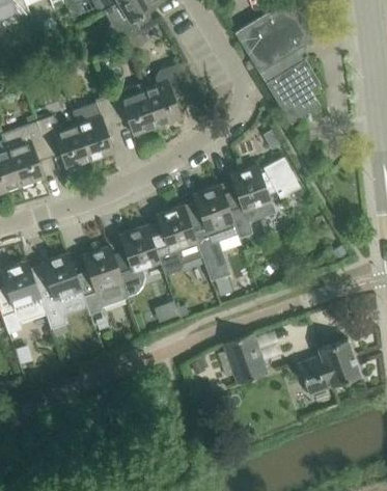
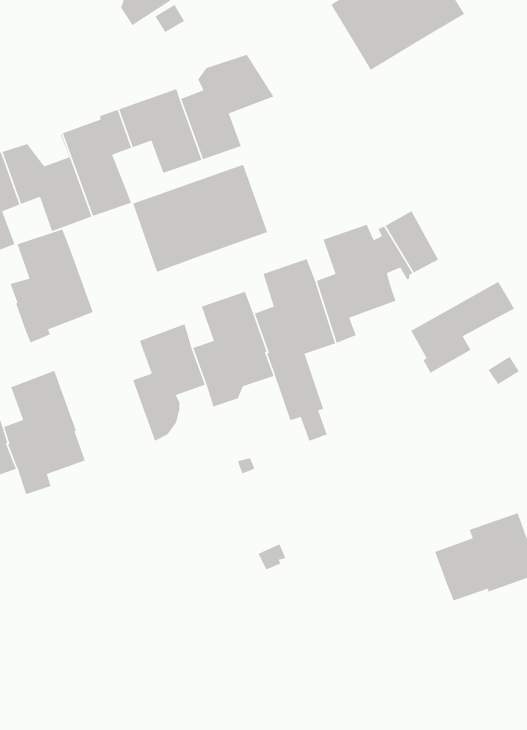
building: [258,52,320,124] -> none
building: none -> [132,164,268,273]
building: none -> [410,281,515,374]
building: [77,246,128,316] -> [10,229,94,344]
building: [223,333,266,384] -> none

